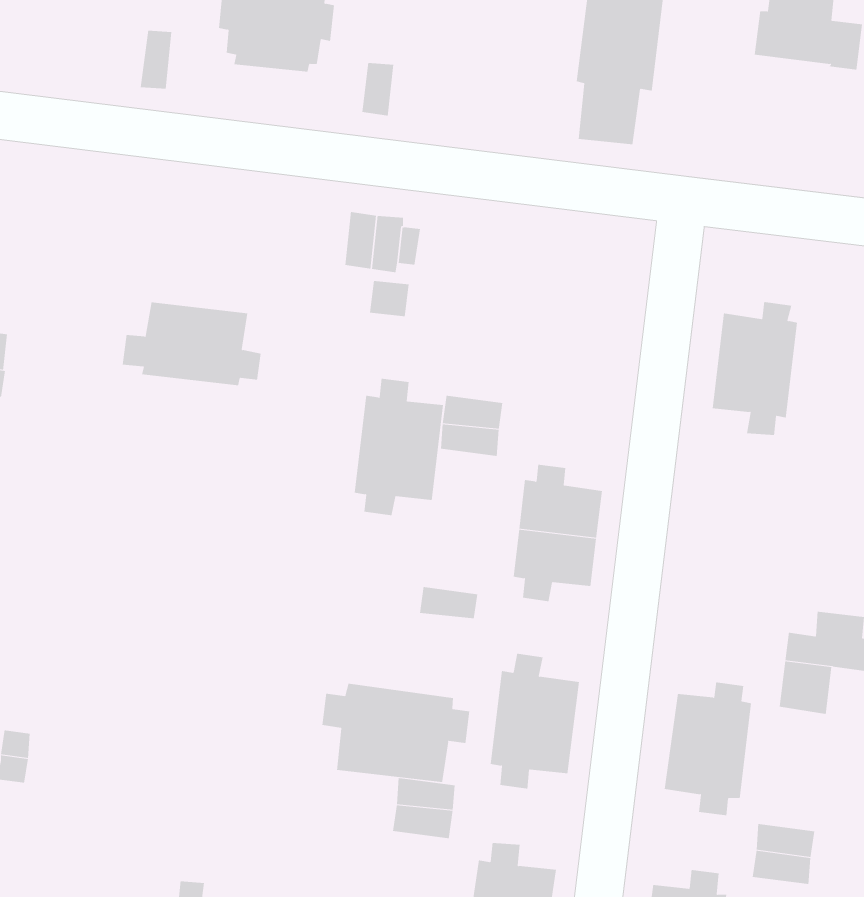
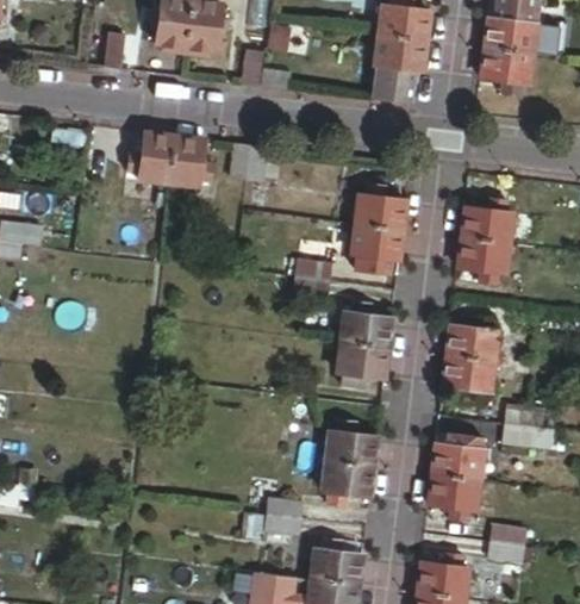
building: none -> [482,46,534,94]
building: [122,302,262,386] -> [127,133,214,186]
building: [354,378,444,516] -> [350,182,406,268]
building: none -> [445,317,499,403]
building: [322,683,470,783] -> none

